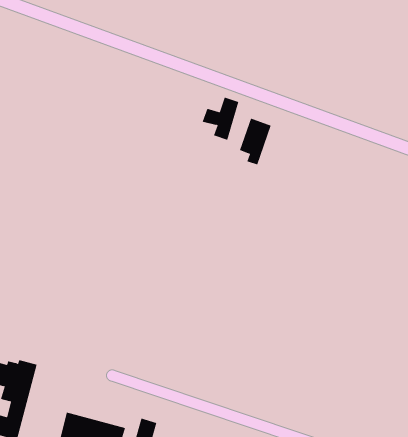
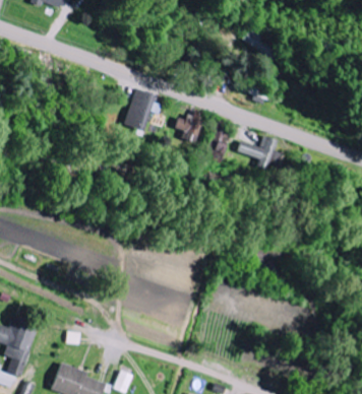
building: none -> [121,88,153,132]
building: none -> [234,136,277,171]

